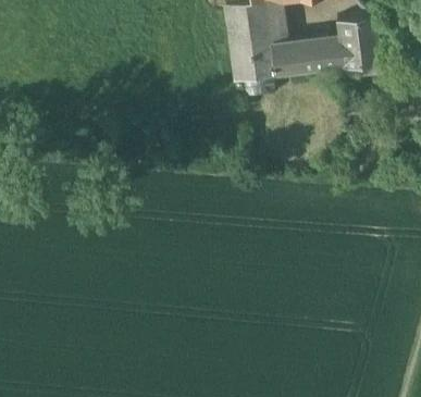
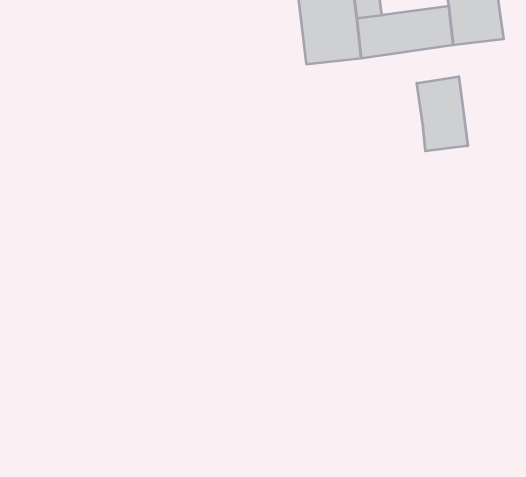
building: none -> [417,76,468,151]

